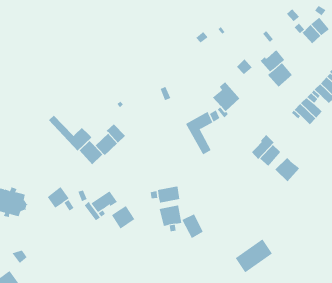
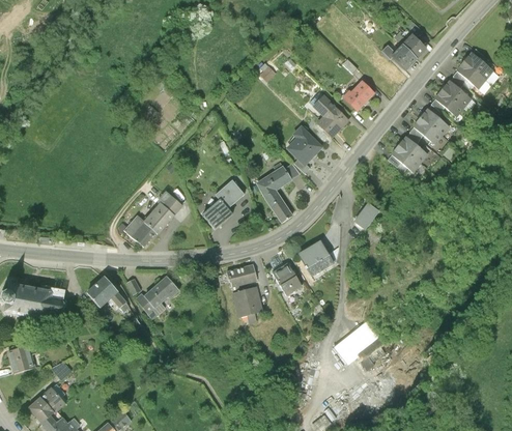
building: [267,62,293,87] -> [316,106,348,138]
building: [48,115,92,151] -> none
building: none -> [201,180,244,230]
building: [251,134,275,160] -> none
building: [274,157,300,182] -> none
building: none -> [297,241,334,277]
building: [111,205,135,229] -> none
building: [182,214,204,239] -> [272,262,301,294]

